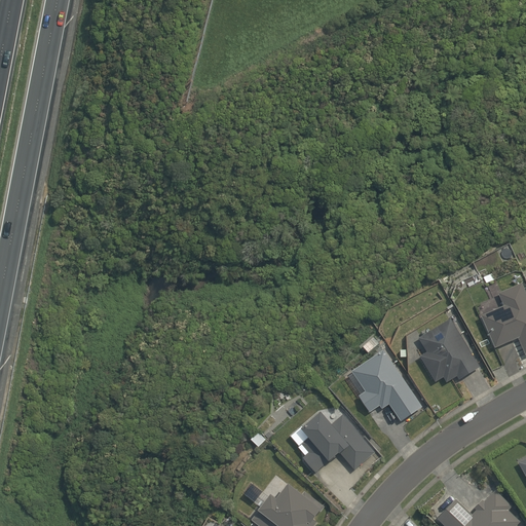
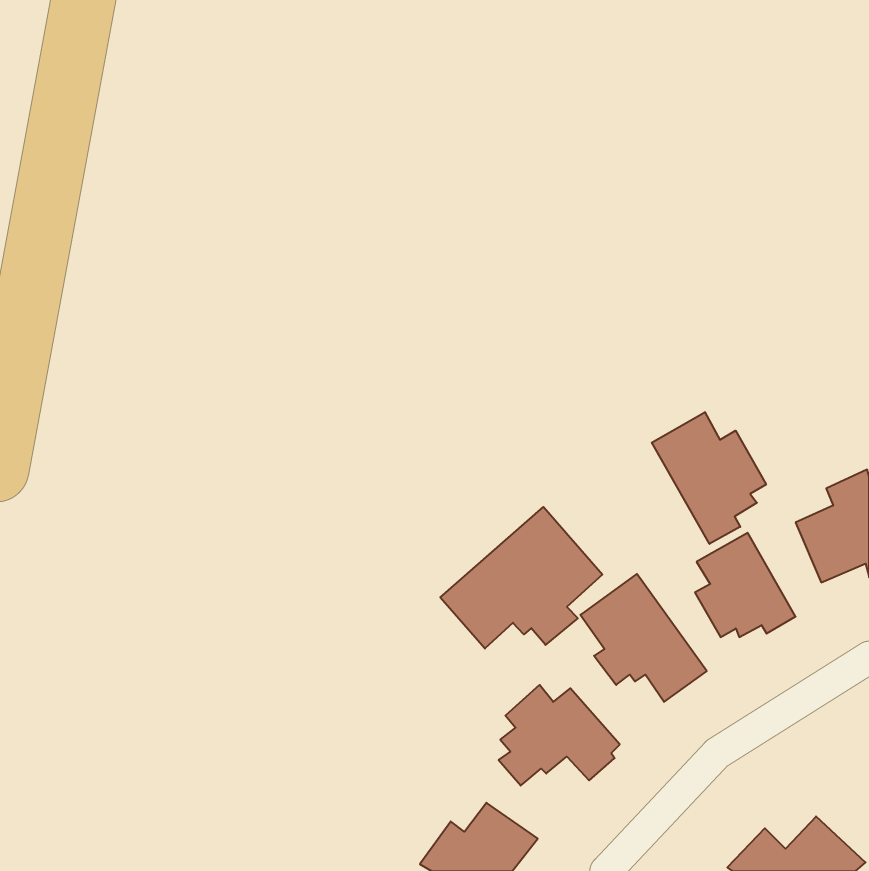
building: none -> [652,412,766,544]
building: none -> [440,507,602,649]

